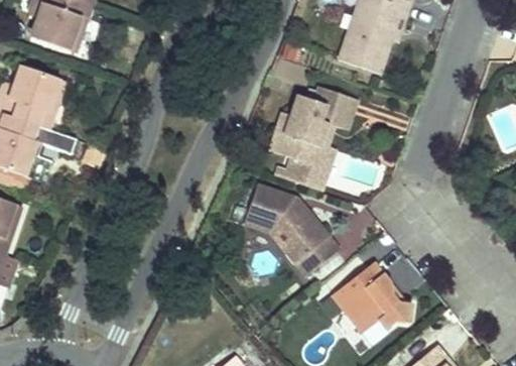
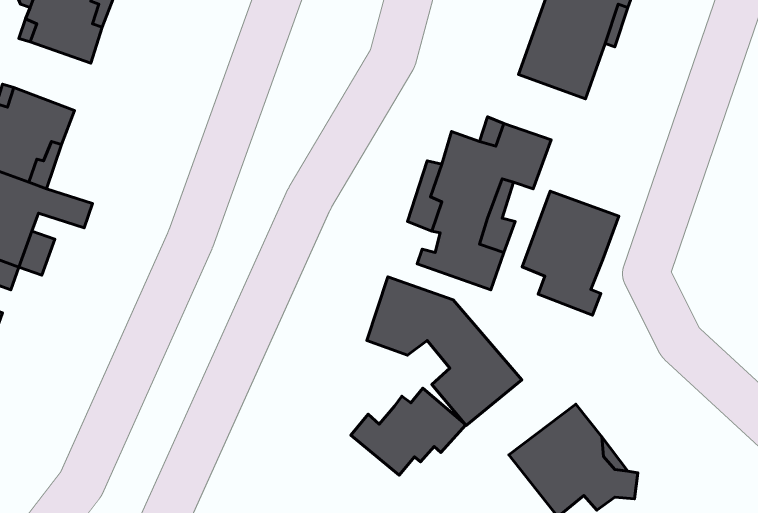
building: none -> [522,191,619,315]
building: none -> [351,388,466,475]

